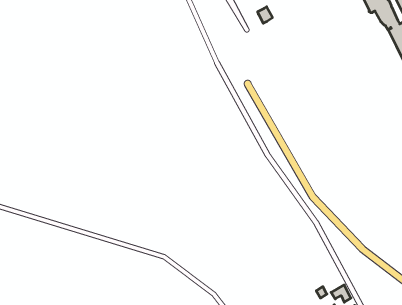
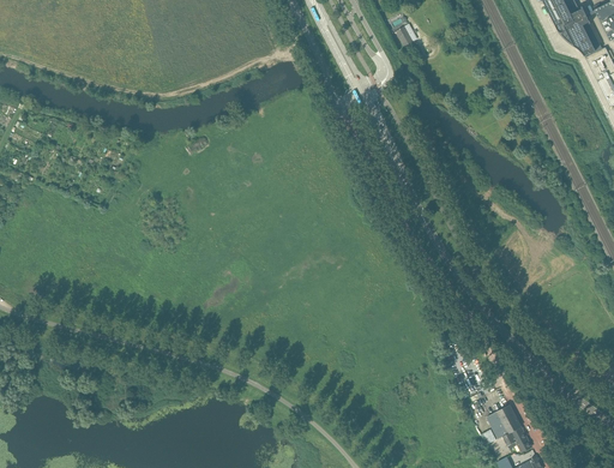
building: none -> [487,404,522,439]

